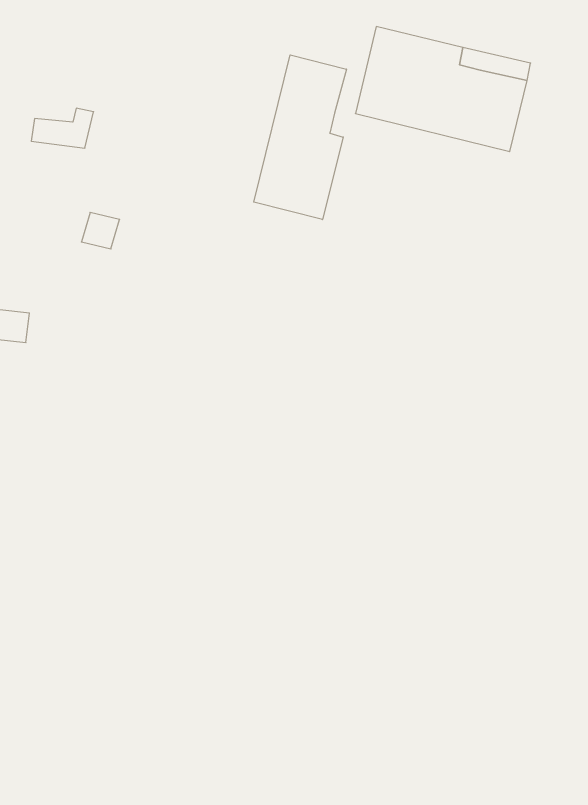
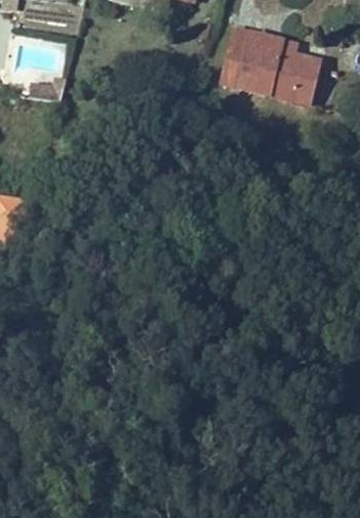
building: [254,55,346,220] -> none

